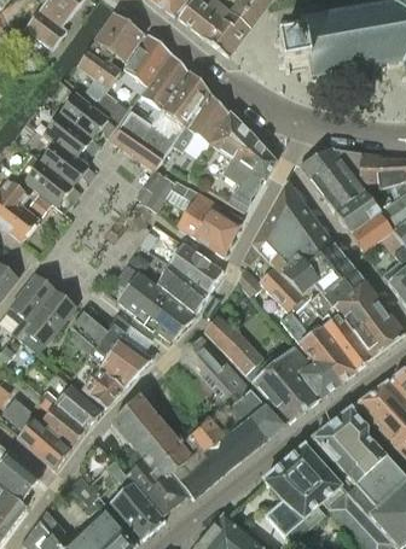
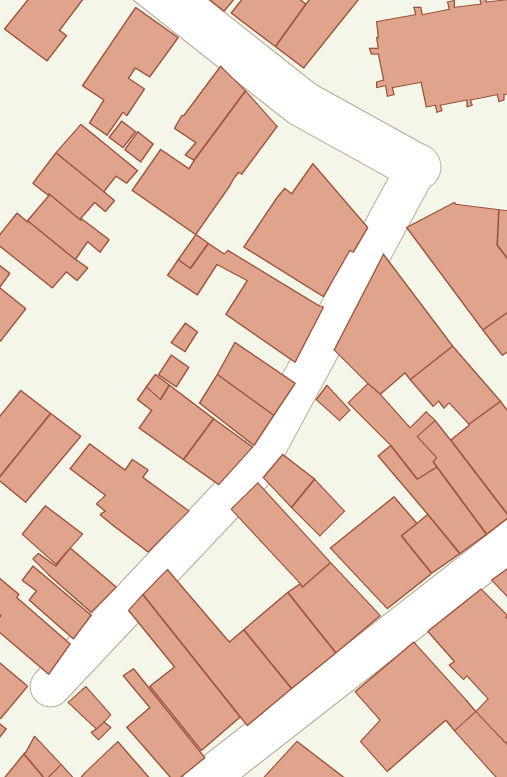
building: [124,35,173,87] -> none
building: [179,94,236,142] -> none
building: [82,364,123,404] -> [22,506,83,564]

